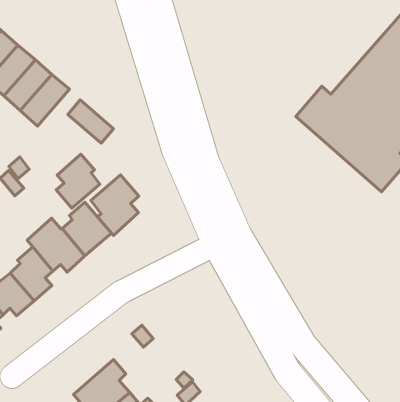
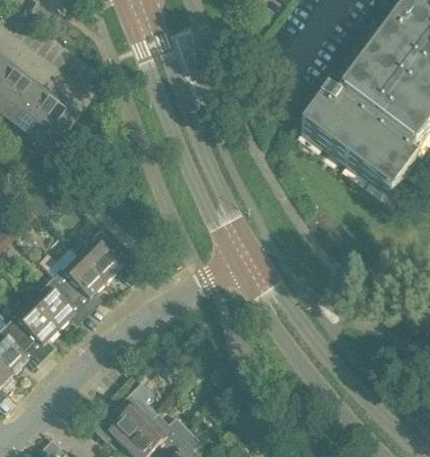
building: [68,100,114,143] -> none
building: [56,154,100,208] -> none
building: [91,175,139,235] -> none

